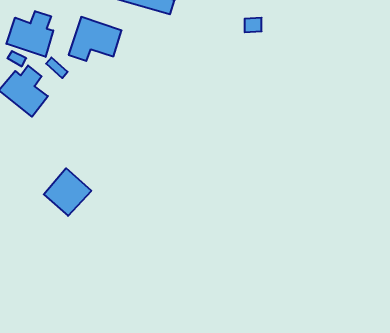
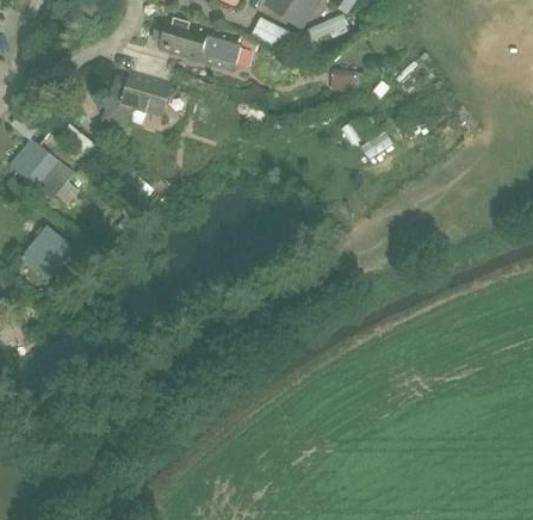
building: [6,11,53,57] -> none
building: [44,168,91,216] -> [13,222,76,285]

